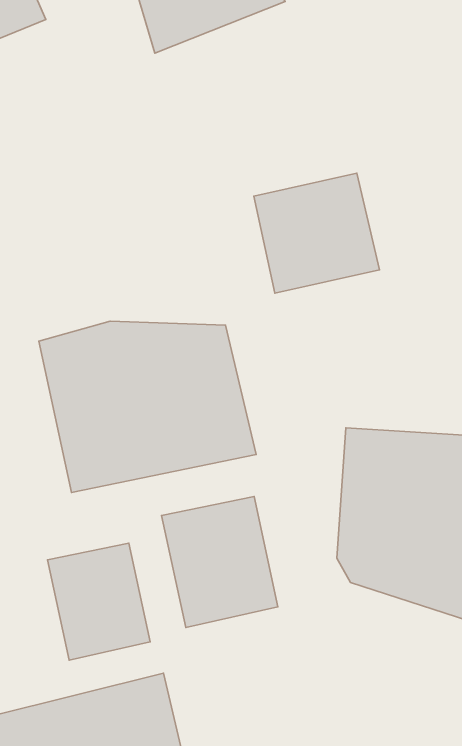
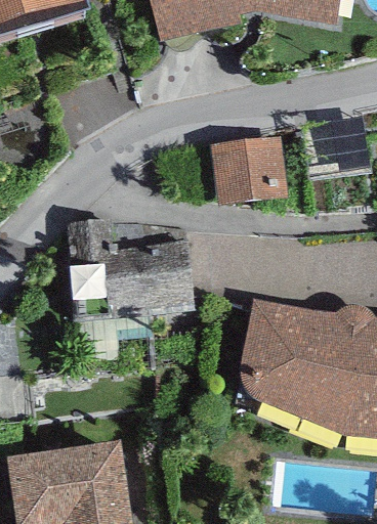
building: [162,496,278,628] -> none
building: [47,543,150,660] -> none

